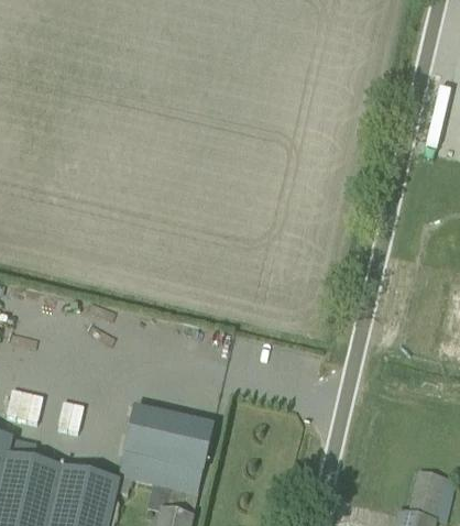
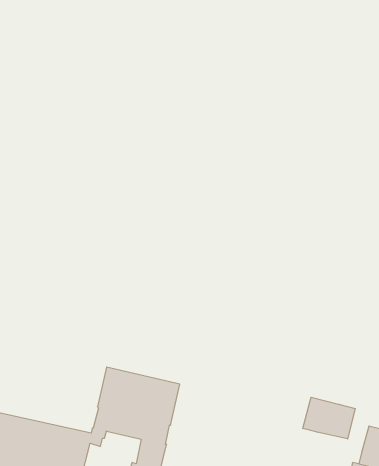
building: none -> [303,397,355,439]

